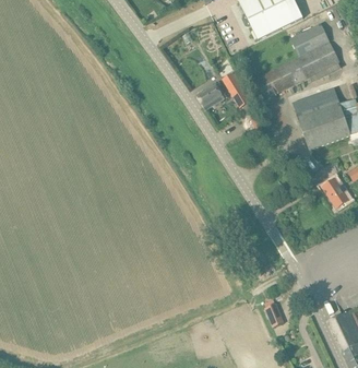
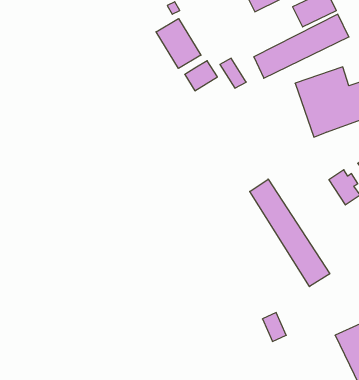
building: none -> [156,19,201,68]
building: none -> [250,179,330,287]

